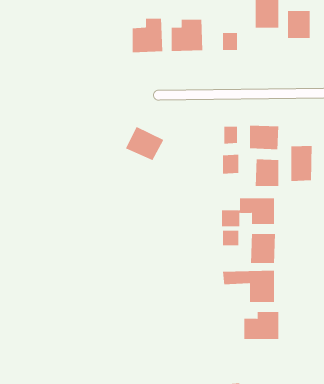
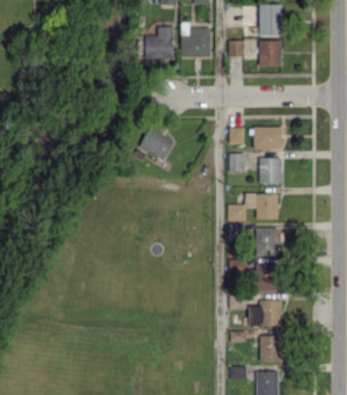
building: [287,11,311,39] -> [260,40,282,65]
building: [291,145,312,182] -> none
building: none -> [261,335,284,361]

